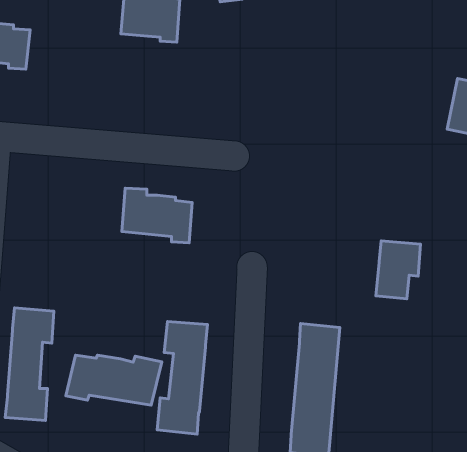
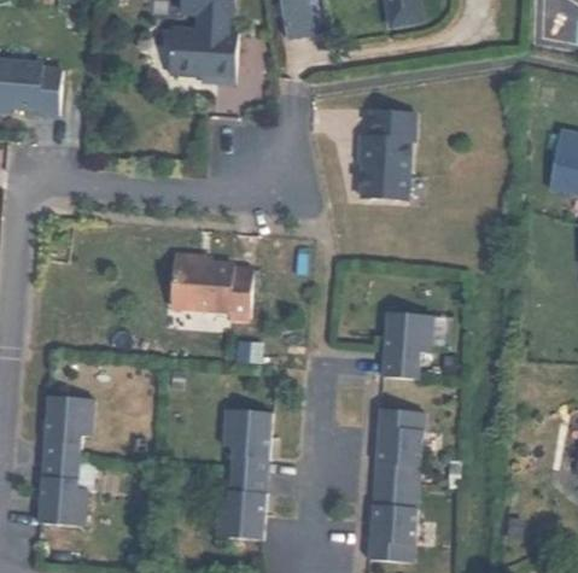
building: none -> [358,113,414,201]
building: [376,241,420,299] -> [381,315,433,382]
building: [66,355,162,405] -> none

